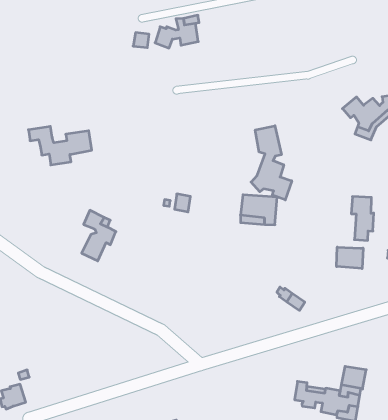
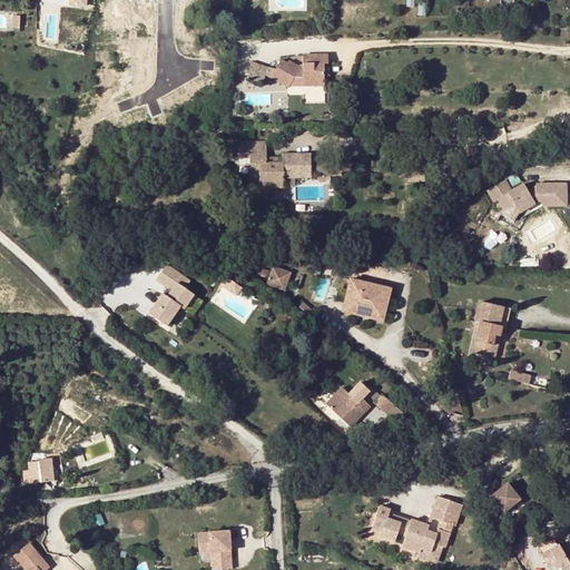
building: [251,126,292,200] -> none
building: [28,126,92,165] -> [239,141,311,187]
building: [337,247,363,269] -> none
building: none -> [326,383,371,426]

